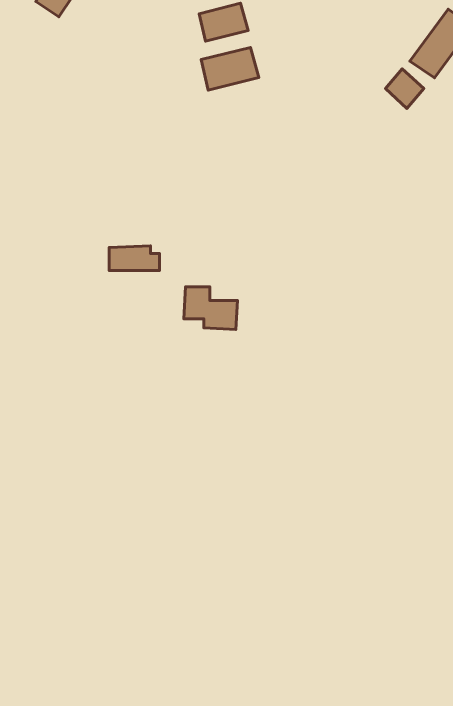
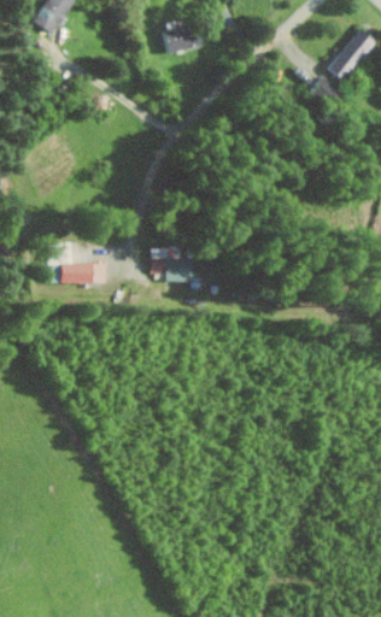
building: [201,48,259,90] -> none
building: [109,246,160,270] -> [60,260,100,280]

